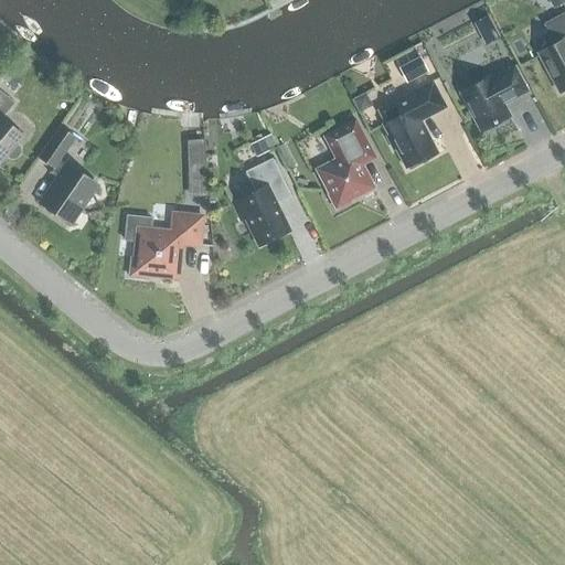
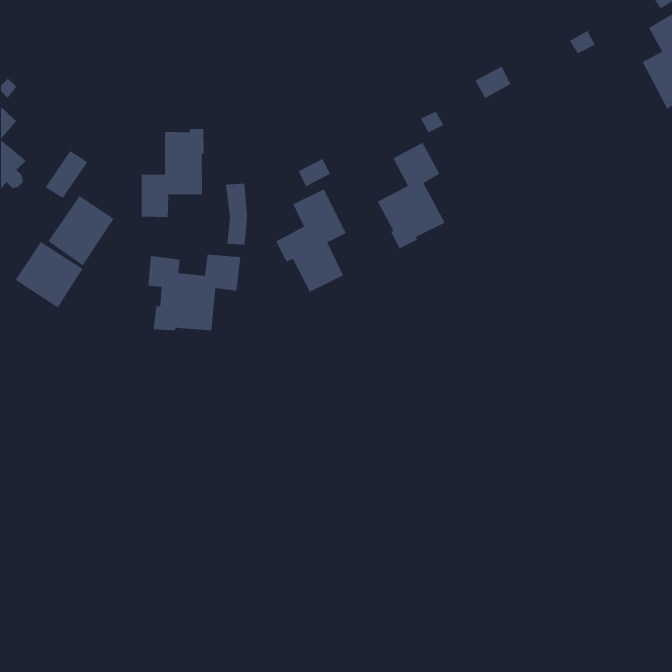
building: [458,64,531,132] -> none
building: [379,81,446,168] -> none
building: none -> [141,128,204,218]
building: none -> [15,241,83,309]

